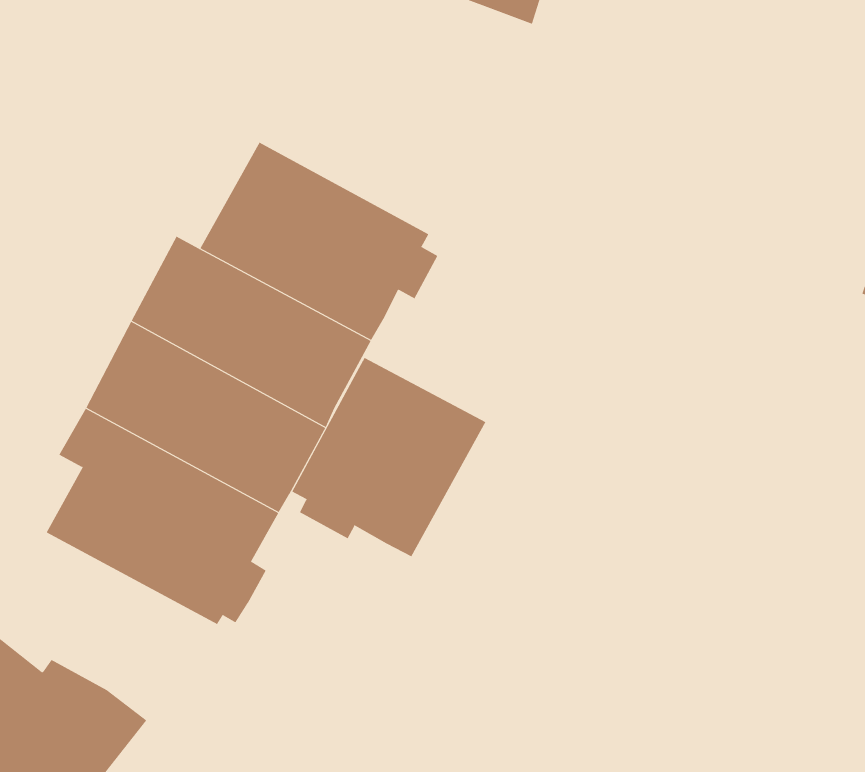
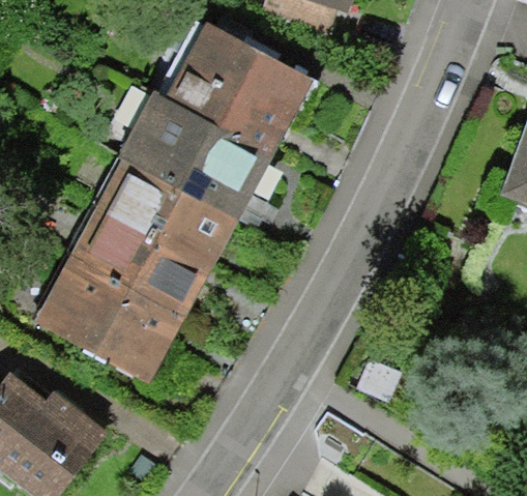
building: none -> [170,25,317,154]
building: [291,357,486,557] -> none

